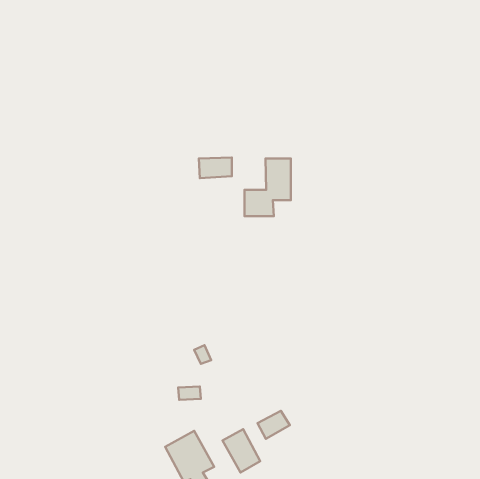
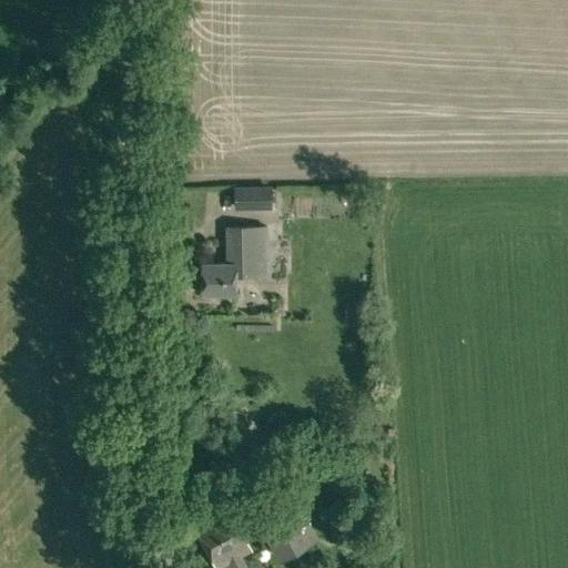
building: [245,159,291,216] -> [204,230,258,297]
building: [257,411,290,439] -> none

